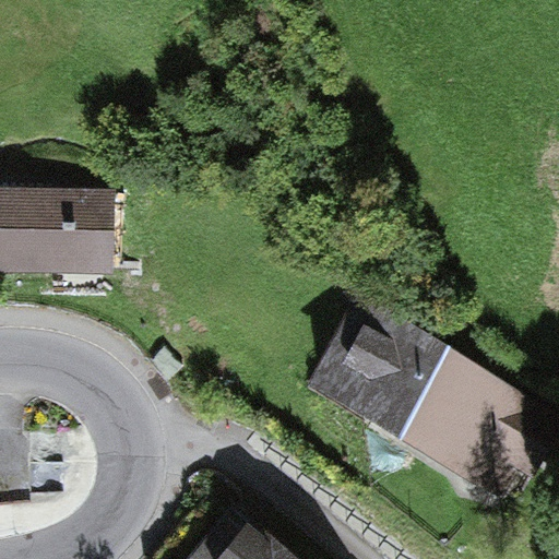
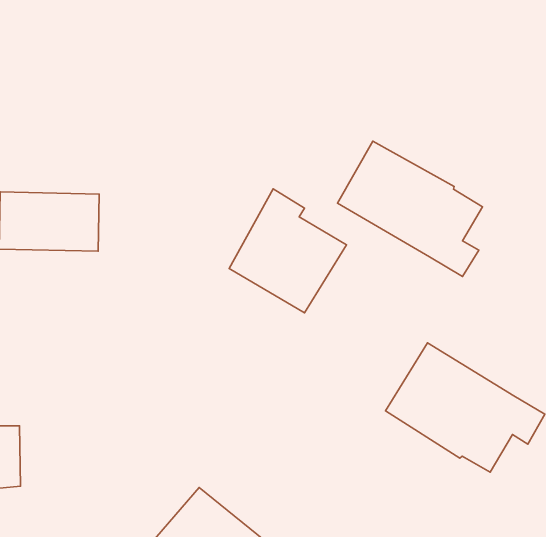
building: none -> [337,141,482,277]
building: [314,305,433,430] -> [229,189,347,313]

